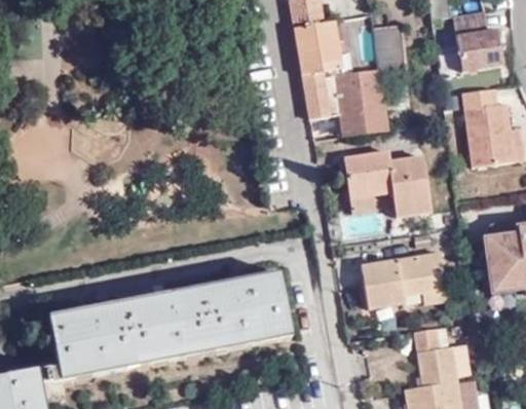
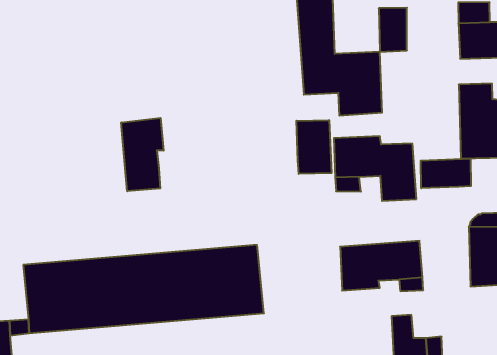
building: none -> [296,120,332,174]
building: none -> [121,118,164,191]
building: none -> [421,158,471,188]

